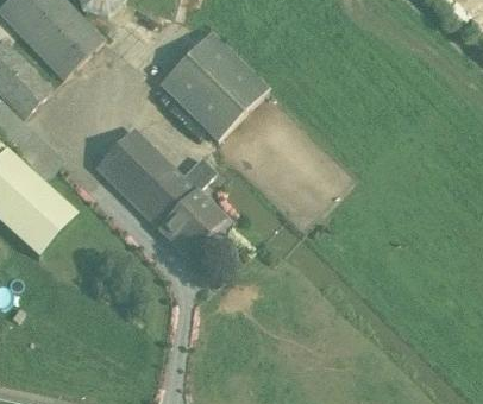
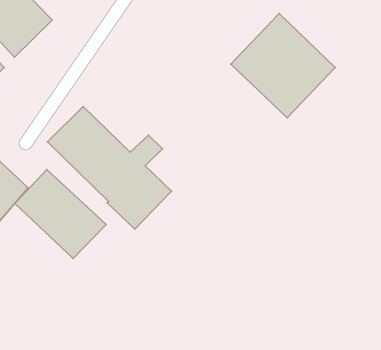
building: [159,31,268,139] -> [231,14,335,118]
building: none -> [15,169,106,259]

